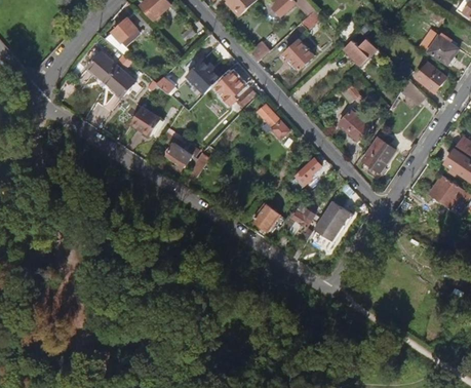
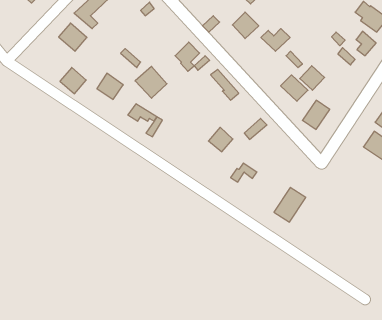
building: [343,37,376,63] -> [261,29,290,51]
building: [186,59,222,94] -> [135,66,167,98]
building: [106,68,135,98] -> [60,67,86,94]
building: none -> [300,66,325,90]
building: [314,201,350,240] -> [274,187,306,222]
building: [251,206,279,234] -> [208,127,233,152]

